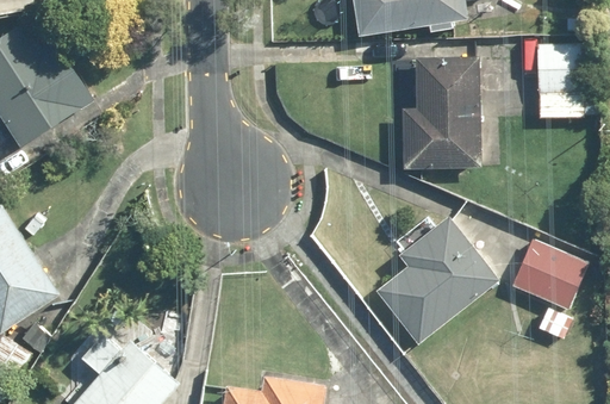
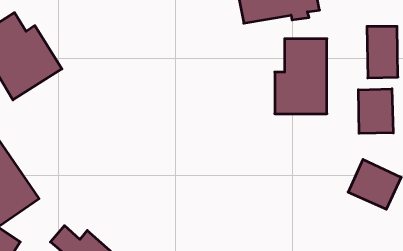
building: none -> [358,89,393,133]
building: [375,216,499,344] -> none

